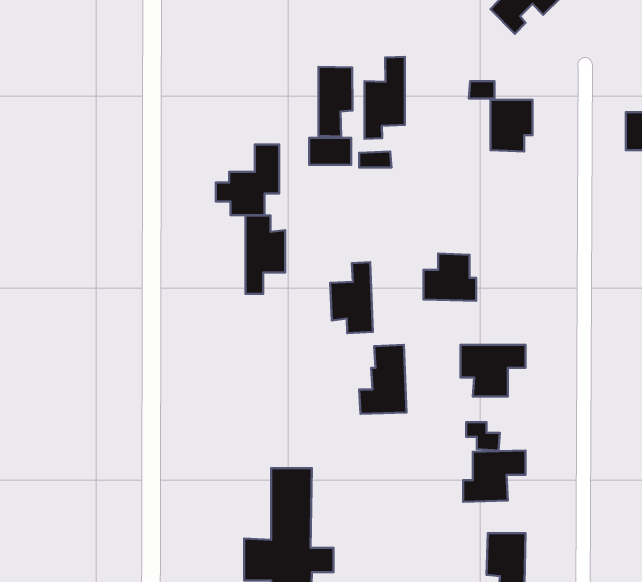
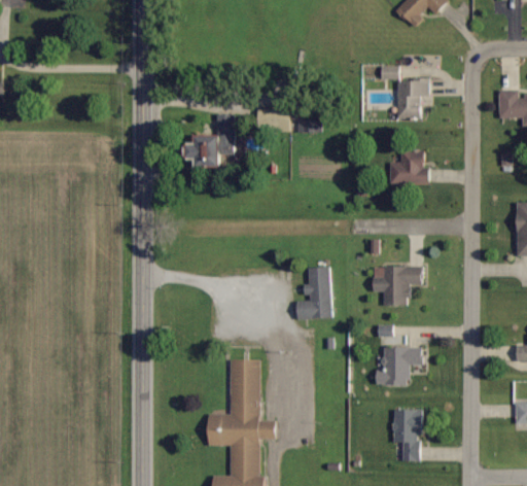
building: [364,57,405,139] -> none
building: [318,67,352,136] -> none
building: [246,215,285,294] -> none
building: [423,254,476,301] -> [389,149,429,185]
building: [330,262,373,333] -> none

